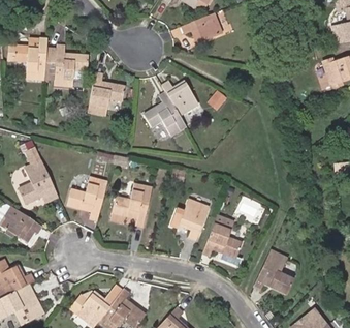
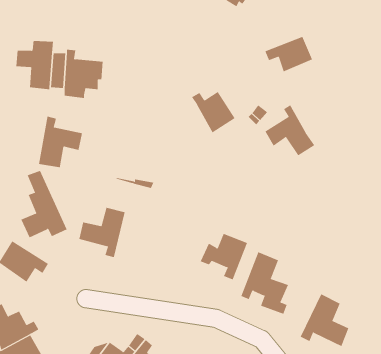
building: [182,13,222,43] -> [265,36,313,72]
building: [88,72,125,116] -> [38,116,83,168]
building: [144,92,186,136] -> [264,104,315,156]
building: [110,184,152,228] -> none

